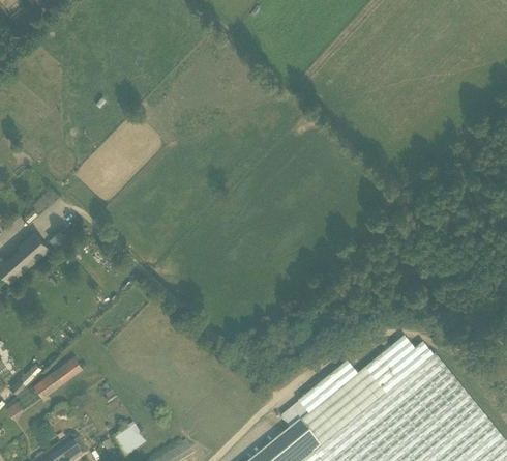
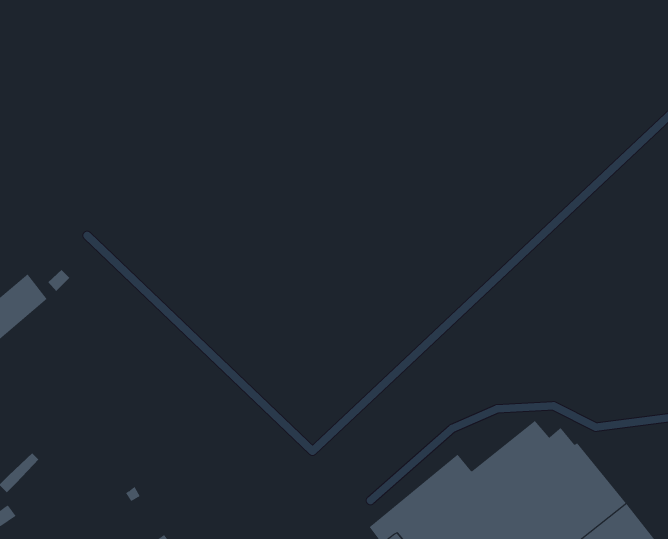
building: [33,356,83,398] -> none

